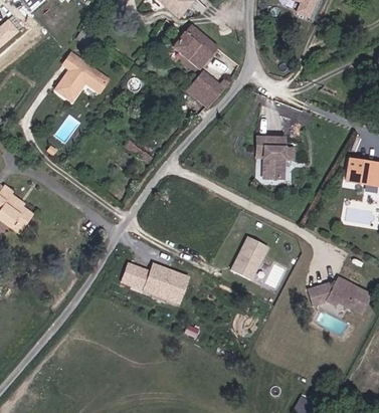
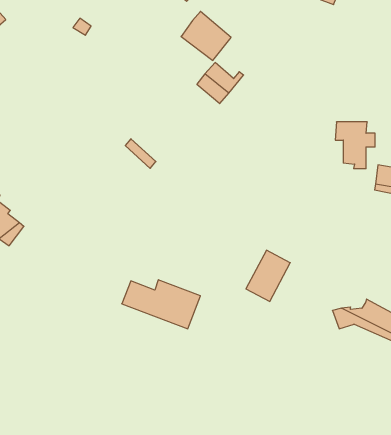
building: [56,52,111,101] -> none
building: [254,137,290,178] -> [335,122,375,169]

